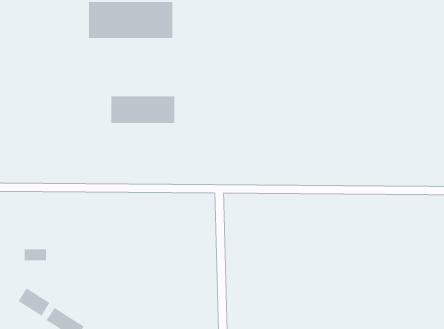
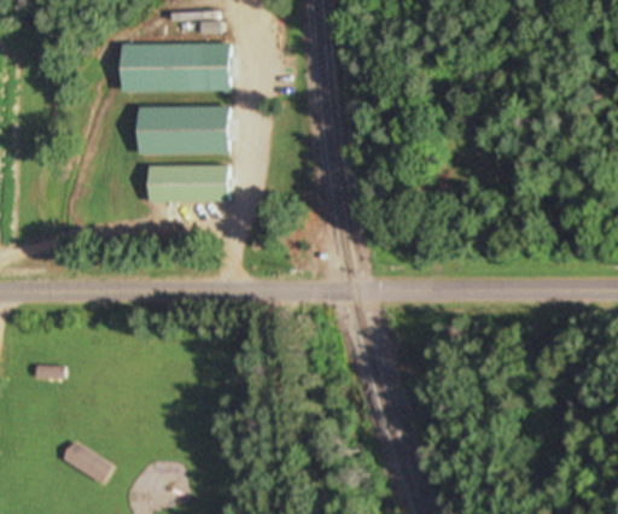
building: none -> [135,105,231,154]
building: [18,288,50,316] -> none

